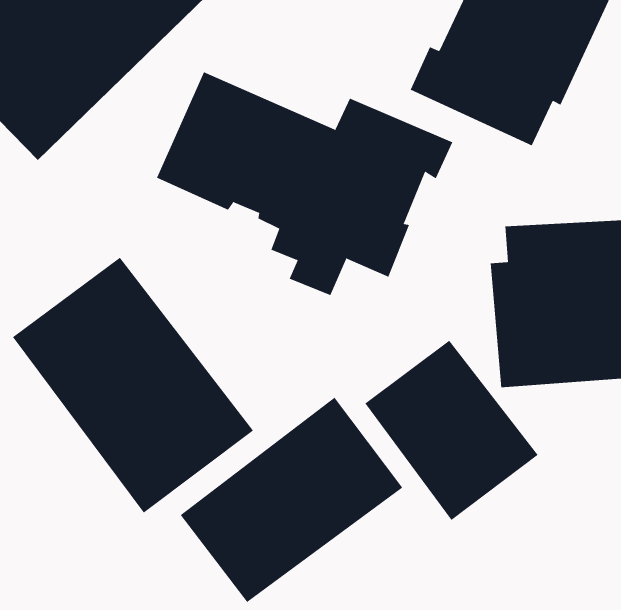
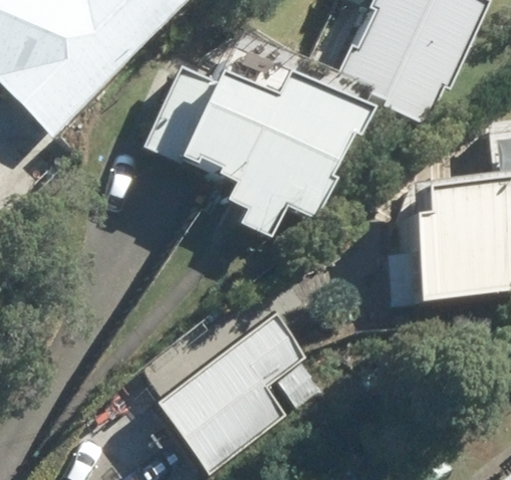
building: [12,257,254,513] -> none
building: [364,340,539,521] -> none

